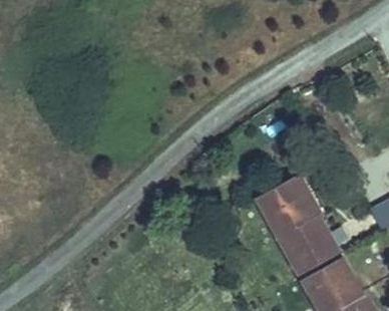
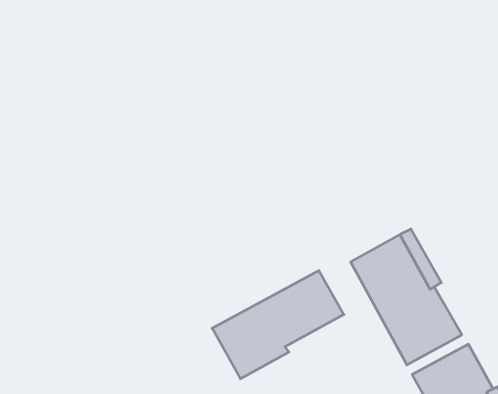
building: none -> [212,271,344,379]

